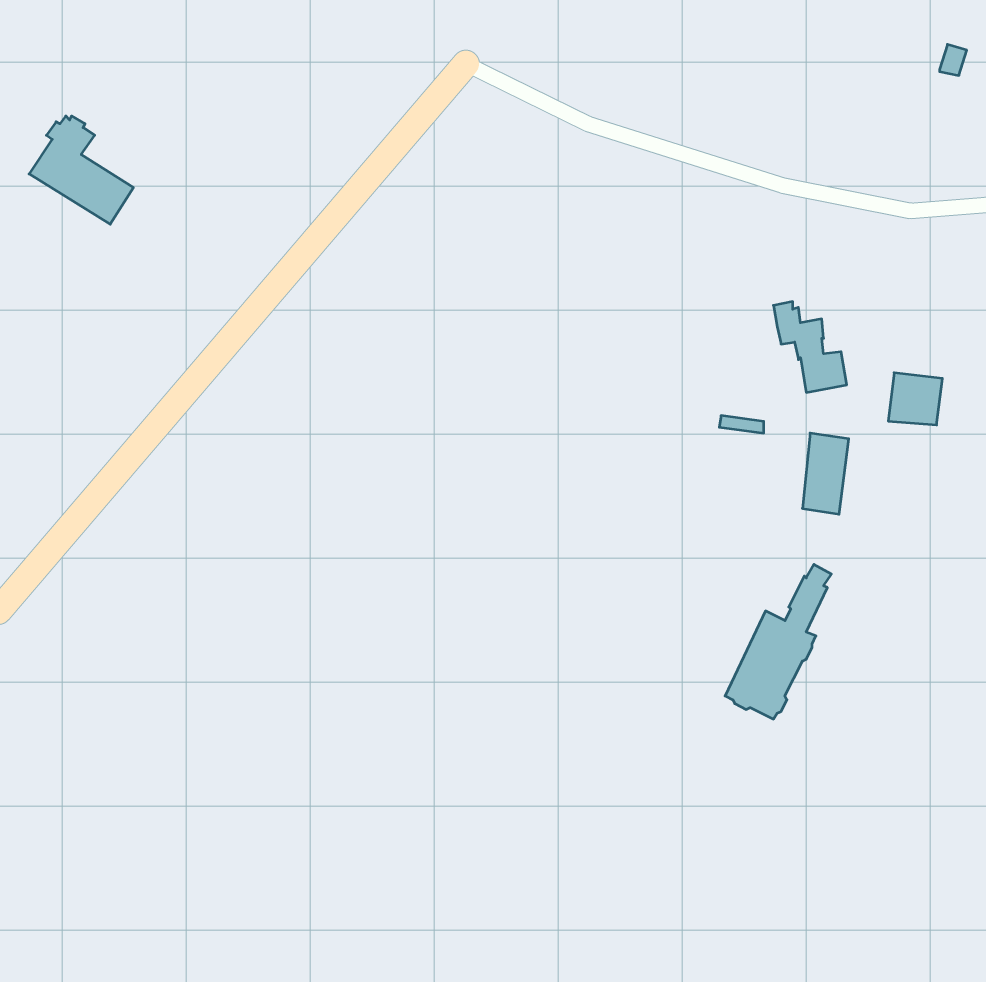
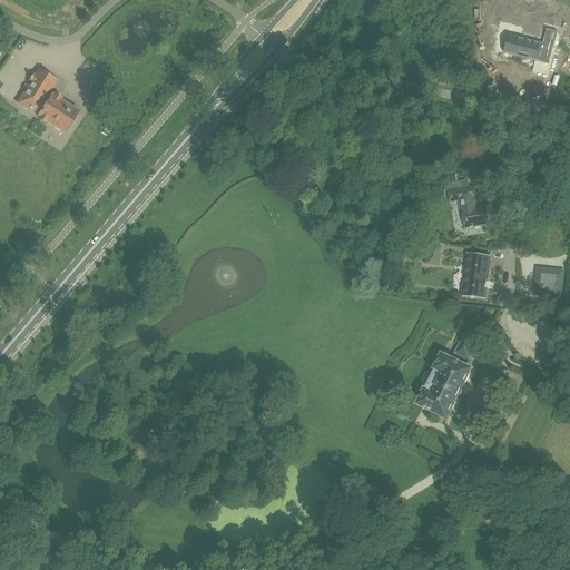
building: none -> [503,32,539,58]
building: [888,373,942,425] -> [532,263,563,293]

